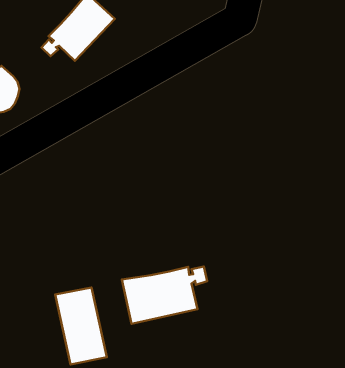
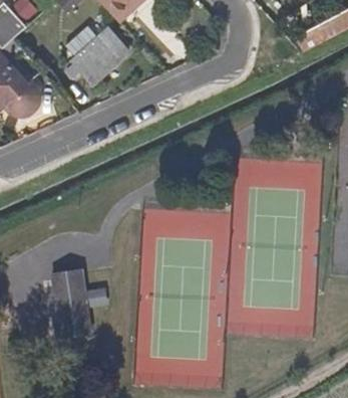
building: [122,266,207,324] -> none

